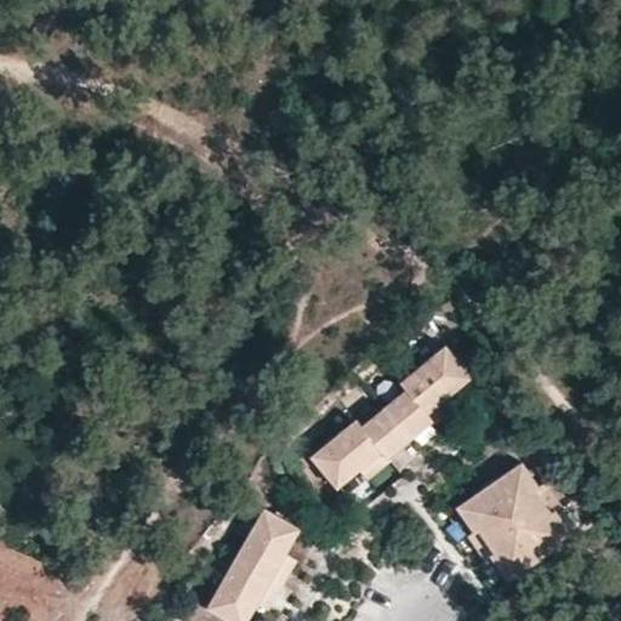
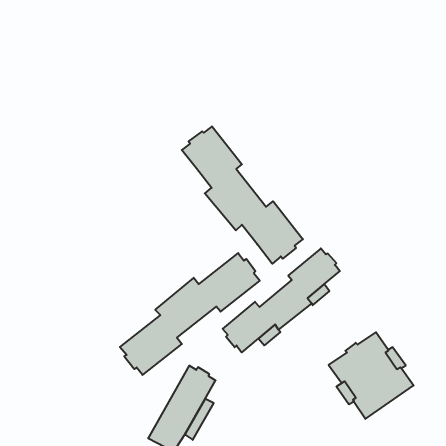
building: none -> [182,126,303,264]
building: none -> [120,253,260,375]

